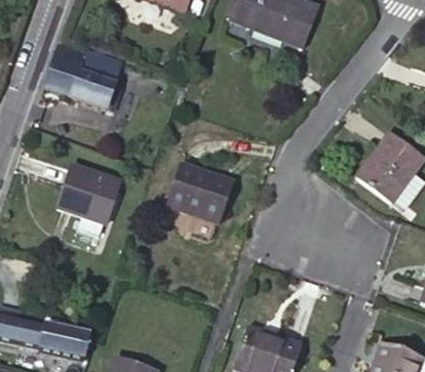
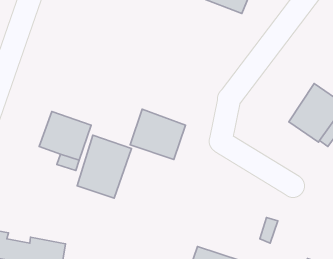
building: [44,43,120,106] -> none
building: none -> [77,135,131,198]

